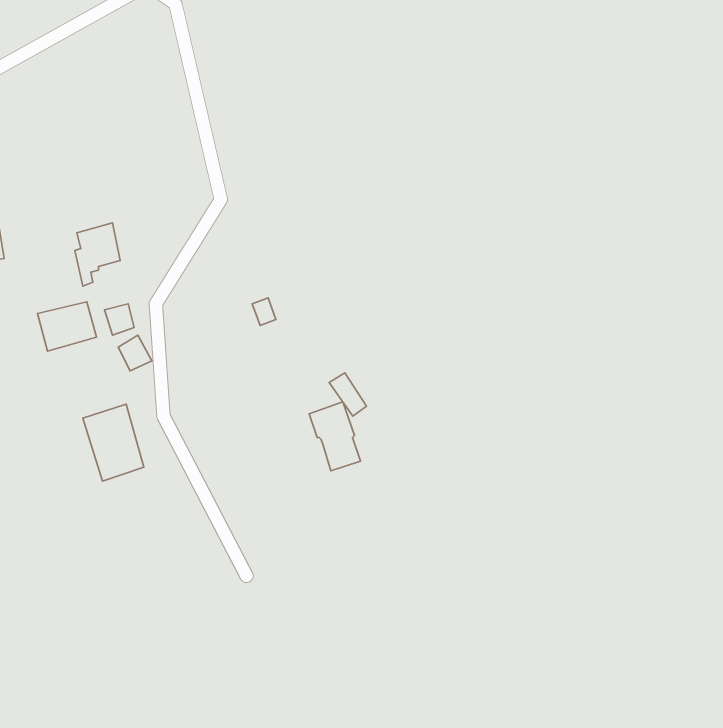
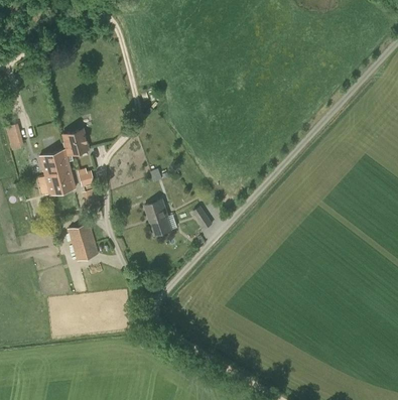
building: none -> [39,151,70,176]
building: [309,402,360,471] -> [145,199,171,235]

